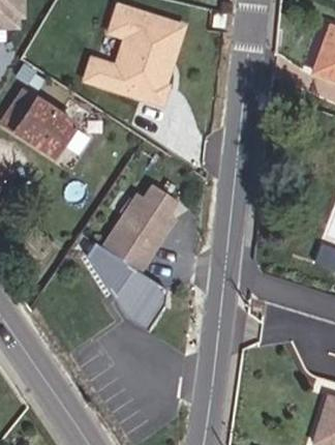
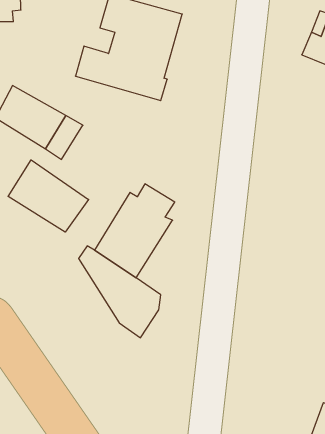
building: none -> [8,160,89,232]

